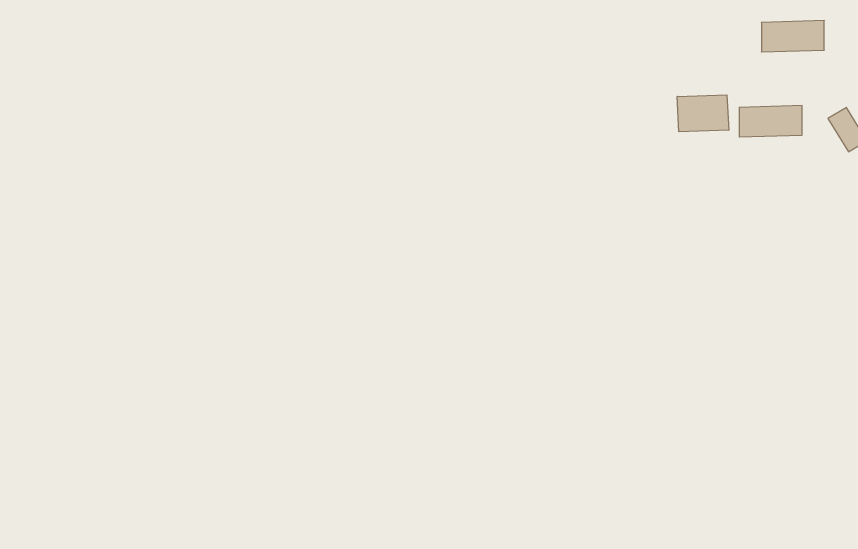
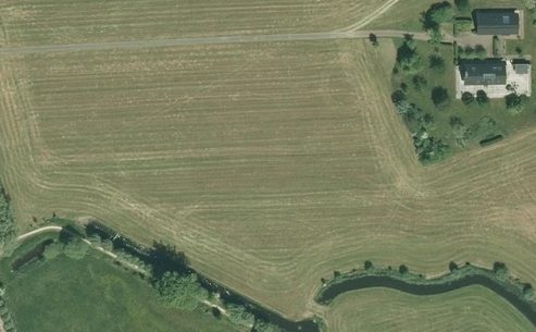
building: [677,95,729,132] -> none

